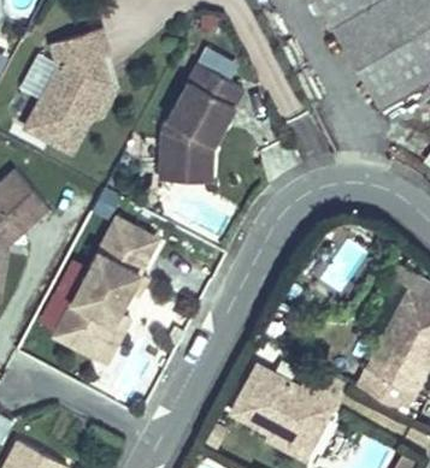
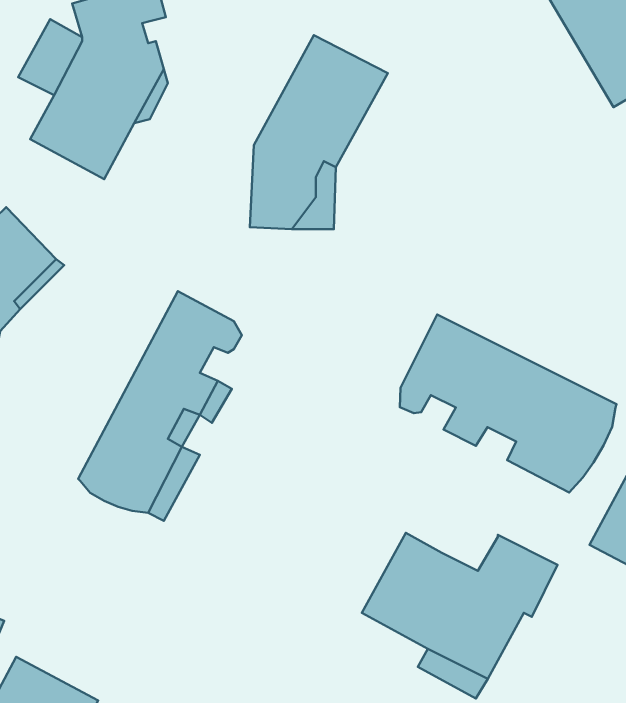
building: none -> [400,314,617,493]

